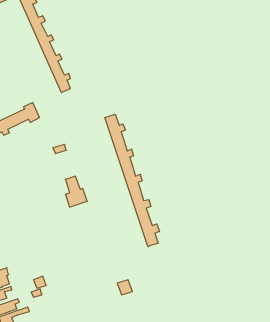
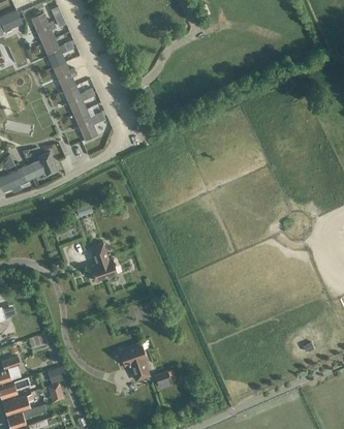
building: [105,114,159,247] -> none
building: none -> [119,342,149,380]

